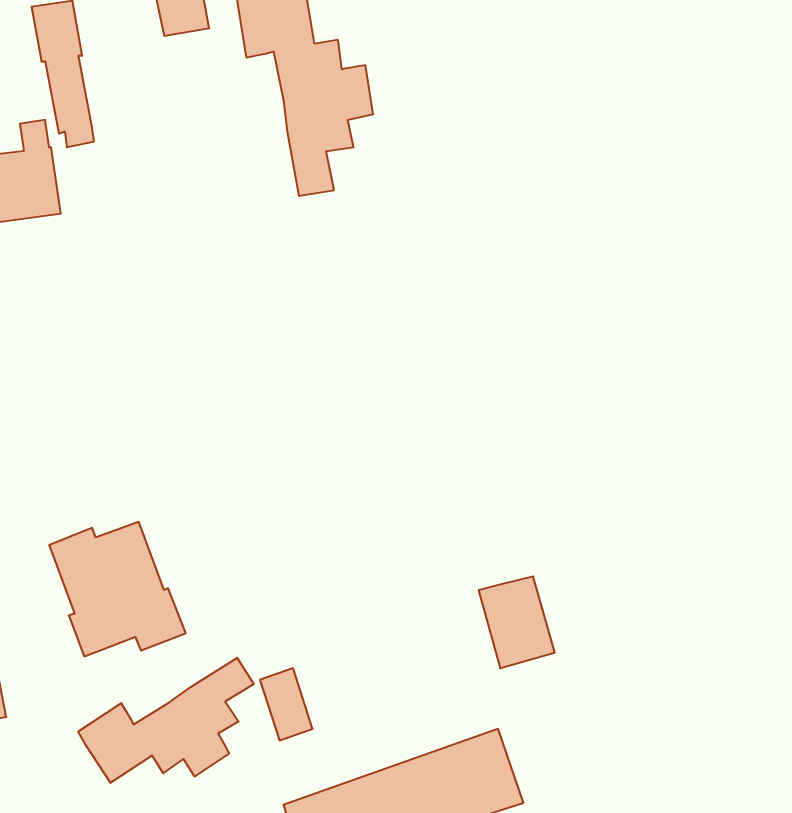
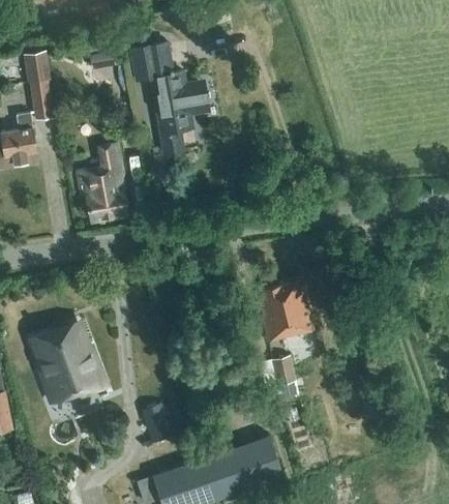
building: none -> [77,142,126,223]
building: none -> [256,281,313,342]
building: [78,658,254,783] -> none

